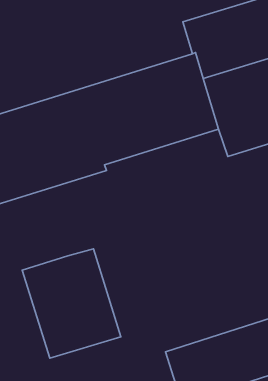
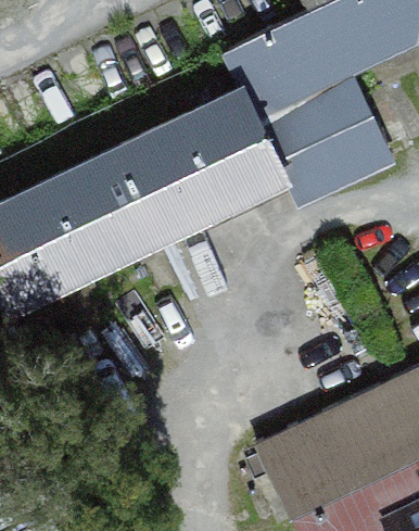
building: [22,249,121,358] -> none

